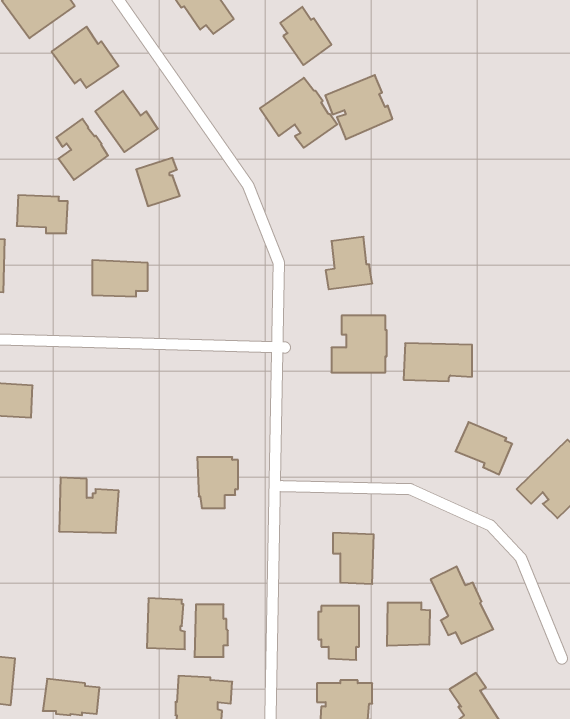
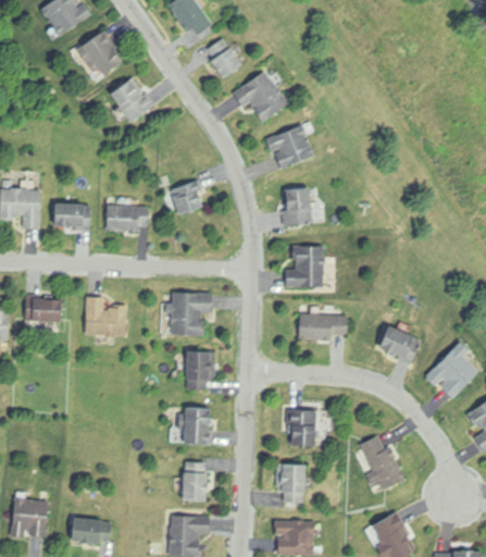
building: [280,7,331,65] -> [205,38,244,82]
building: [325,75,392,139] -> [265,123,315,171]
building: [56,119,108,180] -> none
building: [136,158,180,206] -> [170,180,202,215]
building: [17,195,68,233] -> [53,202,91,231]
building: [404,343,472,381] -> [298,312,349,341]
building: none -> [163,290,212,336]
building: [59,477,119,533] -> [84,295,128,336]
building: [147,598,185,649] -> [183,406,211,444]
building: [387,602,430,646] -> none

